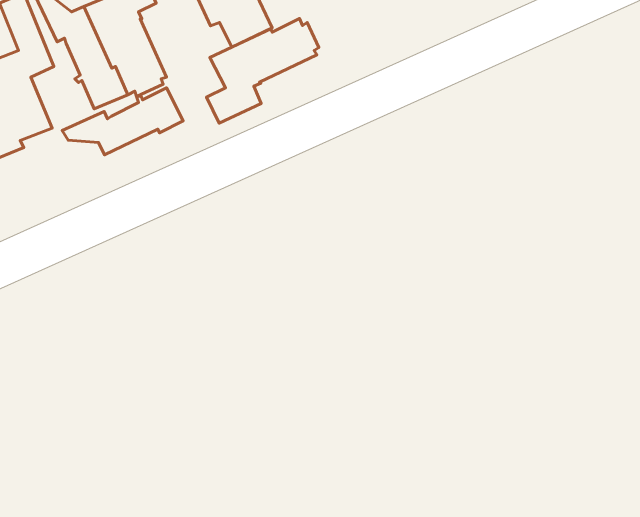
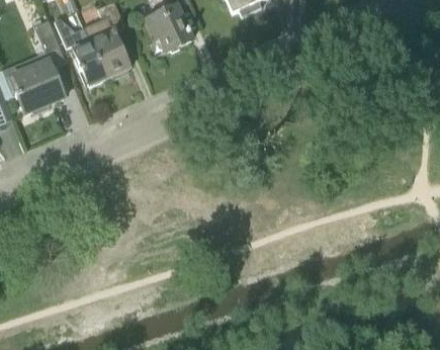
building: [206,19,319,123] -> none
building: [62,88,183,155] -> none

